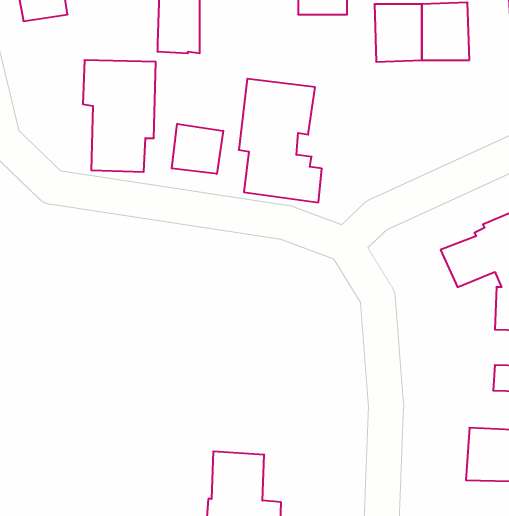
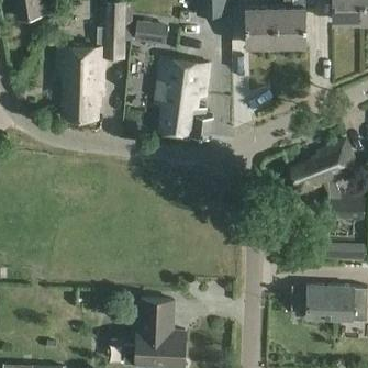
building: none -> [135,21,168,46]
building: [172,124,223,174] -> none

